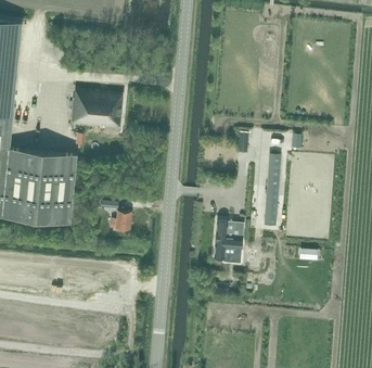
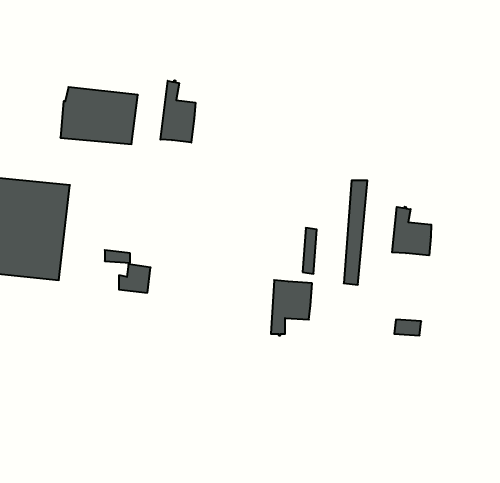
building: none -> [160,80,195,143]
building: none -> [392,207,431,255]

